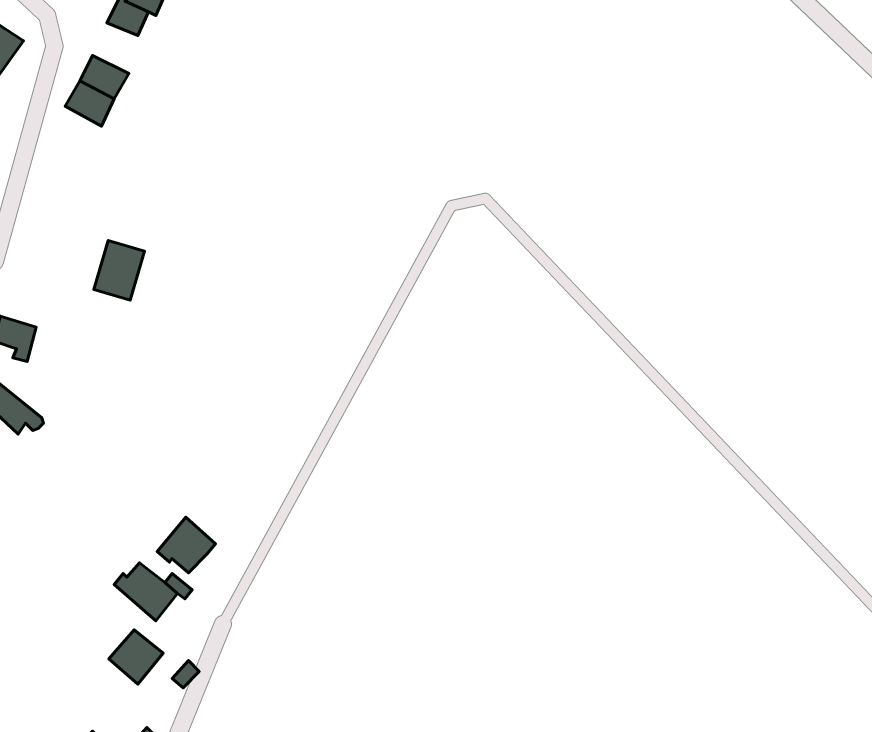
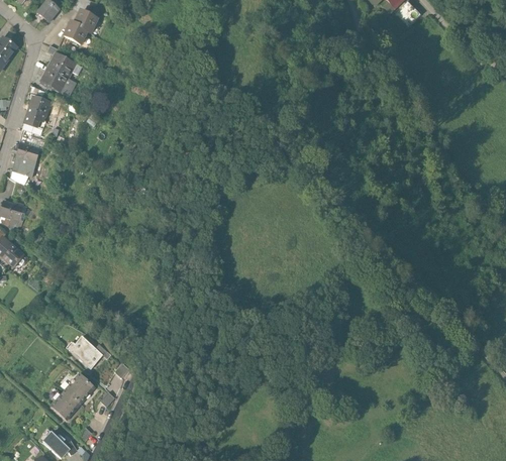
building: none -> [23,98,49,129]
building: [94,240,145,300] -> [11,142,39,176]
building: [157,517,216,573] -> none
building: none -> [50,390,80,420]

